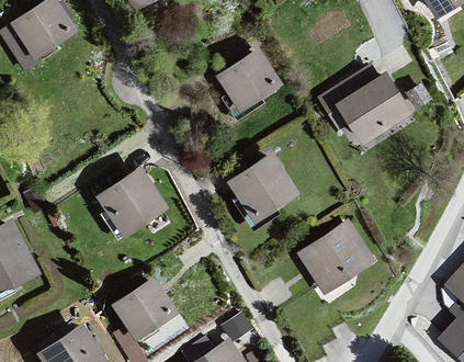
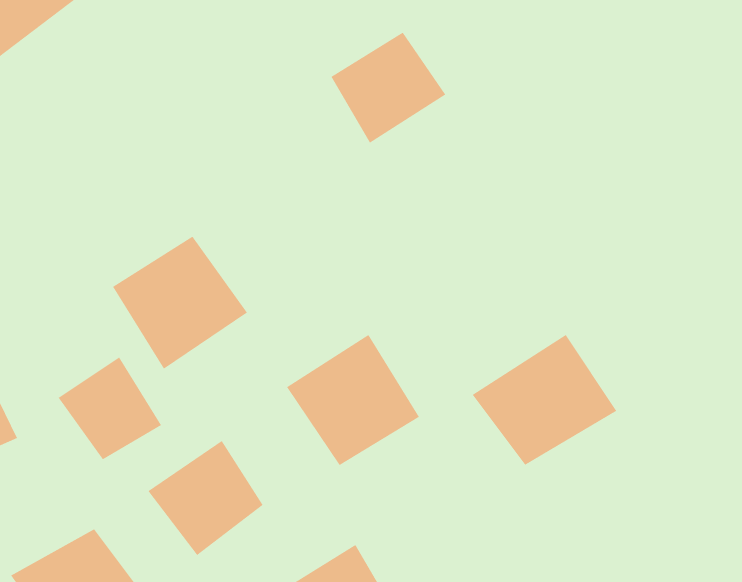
building: [335,72,414,145] -> none
building: [224,149,298,223] -> [286,334,420,466]
building: none -> [58,356,162,460]

